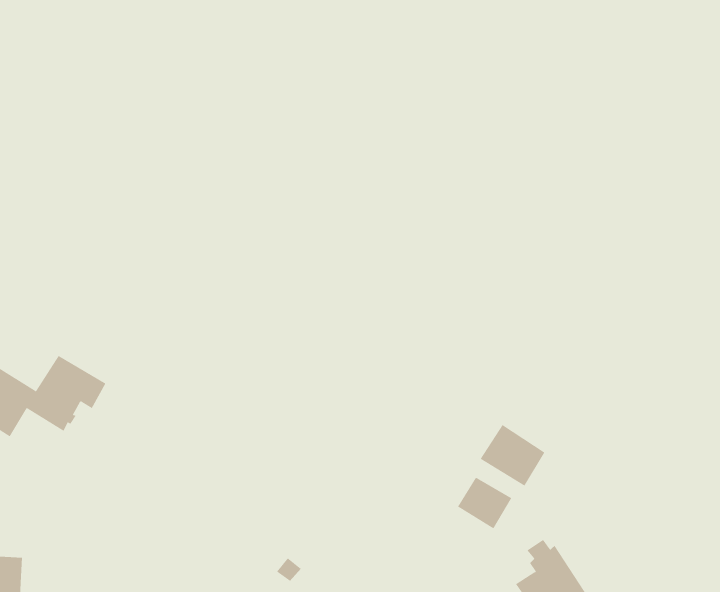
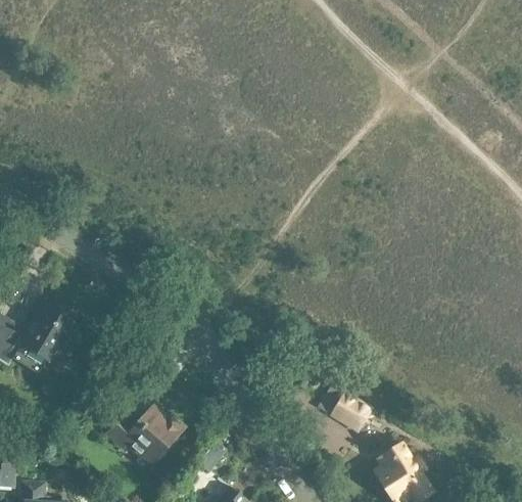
building: [480,424,545,487] -> none
building: none -> [106,408,184,465]

